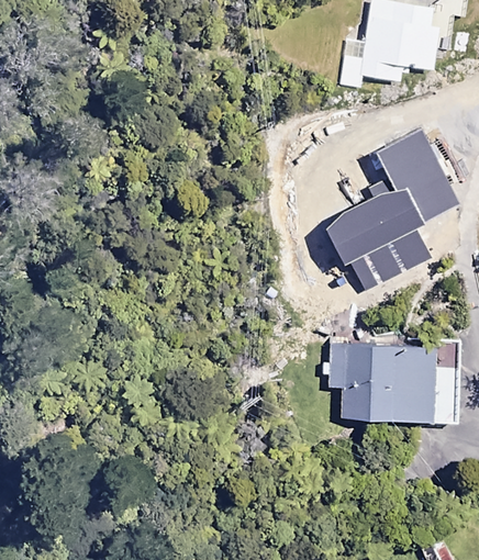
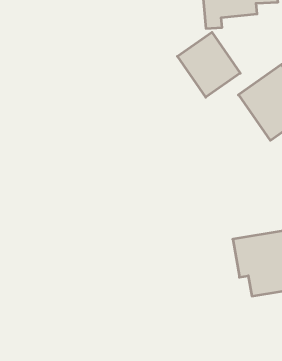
building: none -> [177,32,240,97]
building: [332,217,398,287] -> none

